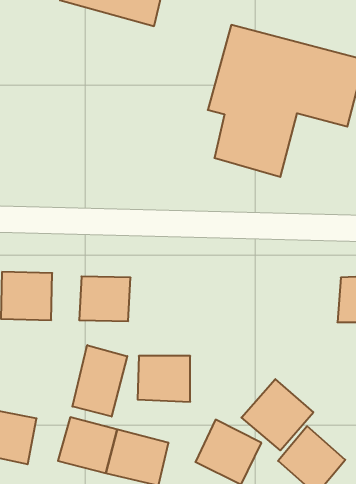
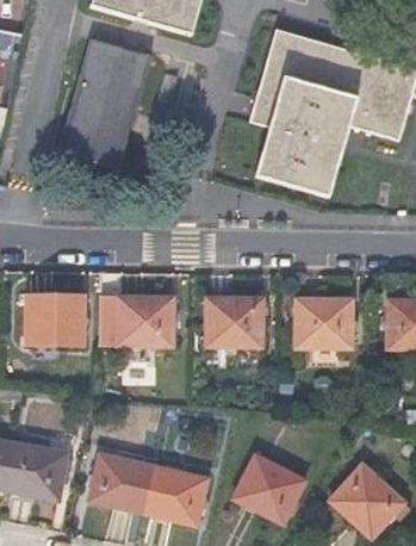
building: none -> [60,37,153,166]
building: none -> [294,302,350,350]
building: [72,345,127,417] -> none
building: [138,356,190,402] -> [206,302,262,350]
building: [241,379,313,450] -> none

